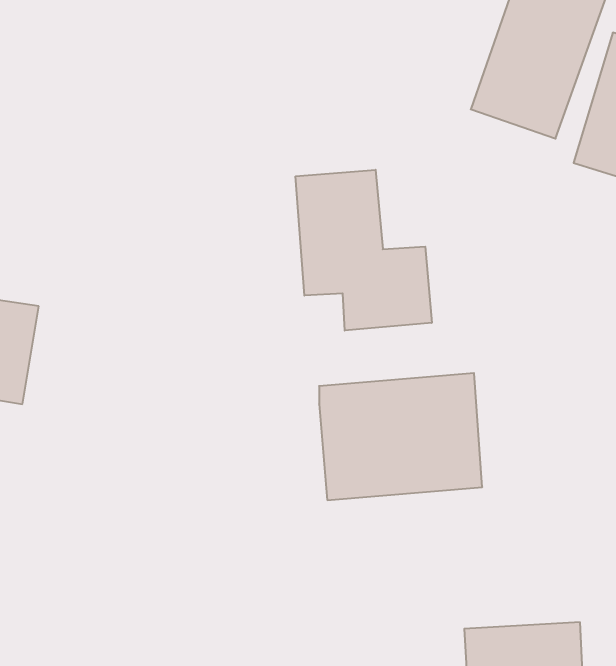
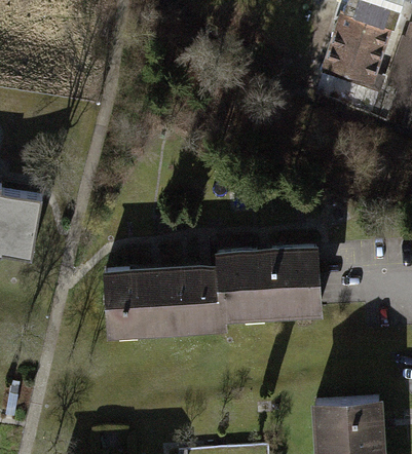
building: [296,170,432,331] -> none
building: none -> [102,262,226,339]

